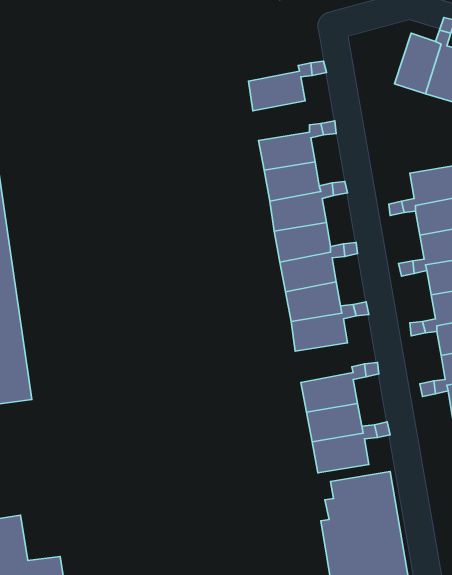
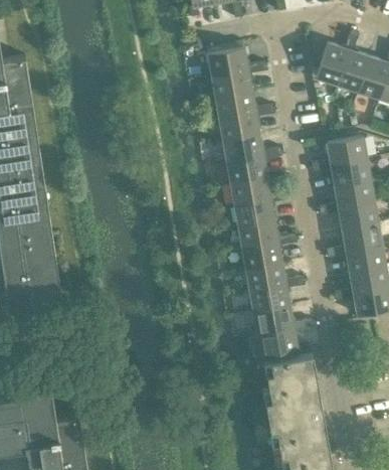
building: none -> [208,49,248,79]
building: none -> [215,93,255,121]
building: none -> [245,265,286,293]

